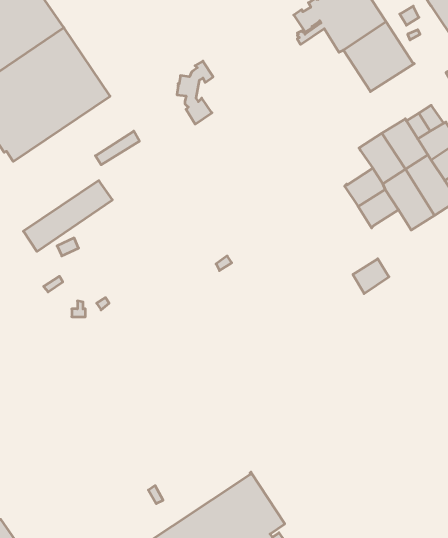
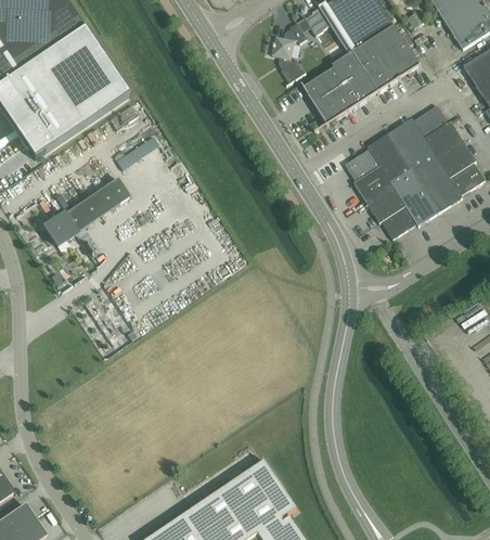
building: none -> [301,52,378,125]
building: [177,61,213,124] -> [272,23,307,83]
building: none -> [345,149,381,182]
building: [353,259,389,294] -> [382,206,416,240]

